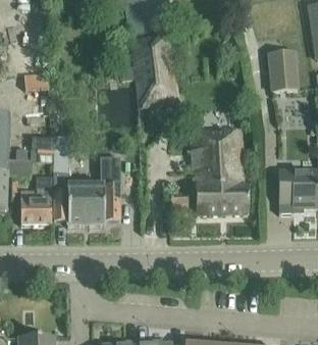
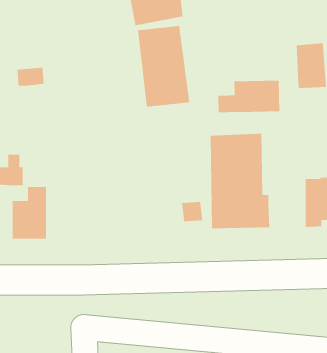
building: none -> [217,80,280,113]
building: [51,135,120,226] -> none

